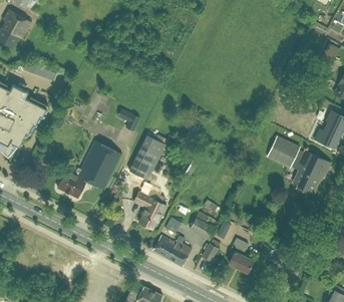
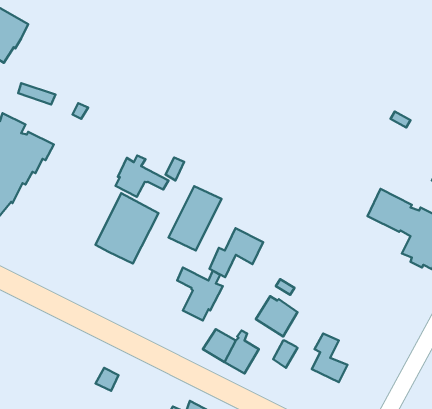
building: none -> [115,156,169,197]
building: none -> [210,228,263,277]
building: [57,170,86,198] -> none

